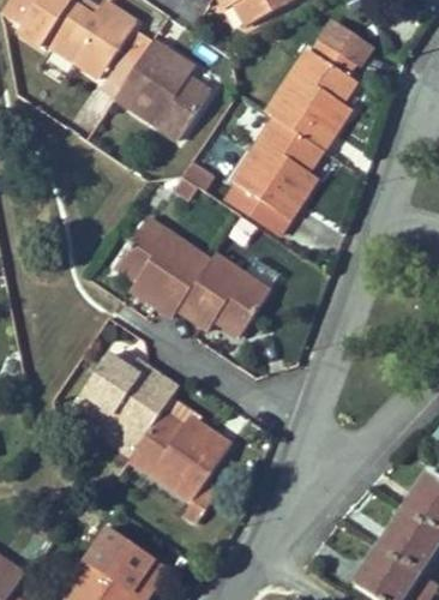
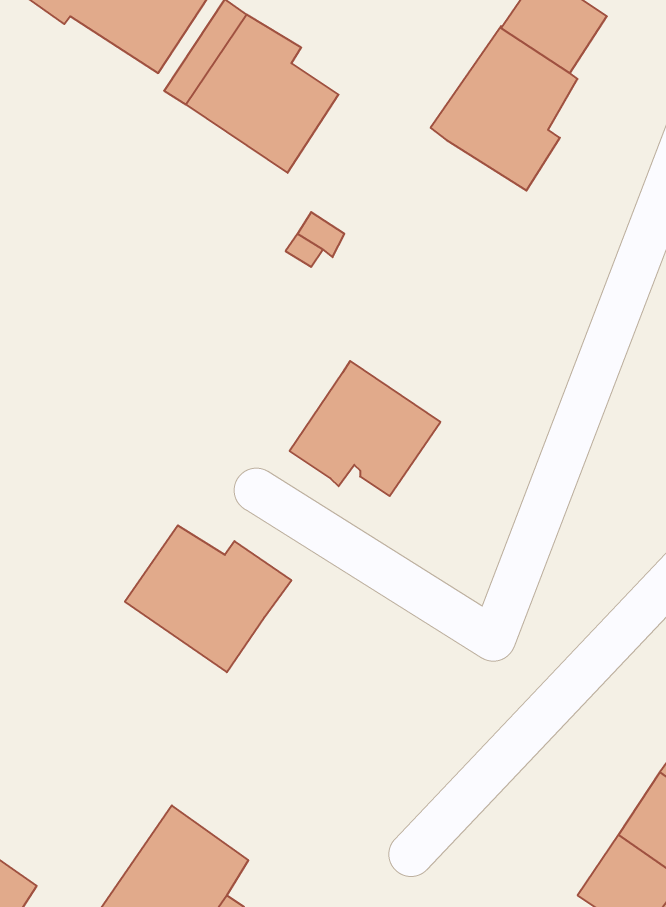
building: [228,118,324,229] -> none
building: [116,217,211,317] -> none
building: [130,410,230,523] -> none

